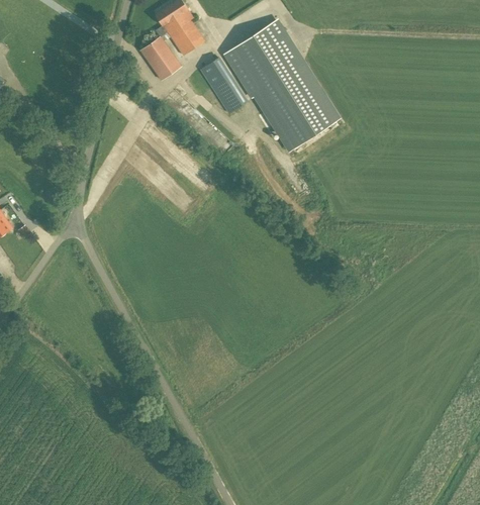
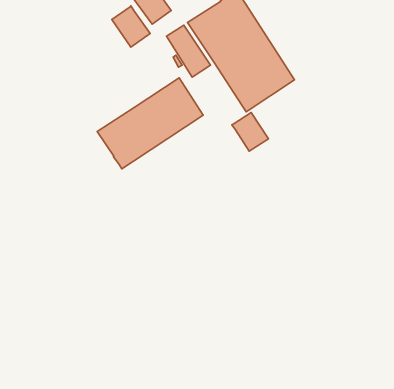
building: none -> [97,78,203,169]
building: none -> [232,112,268,151]

